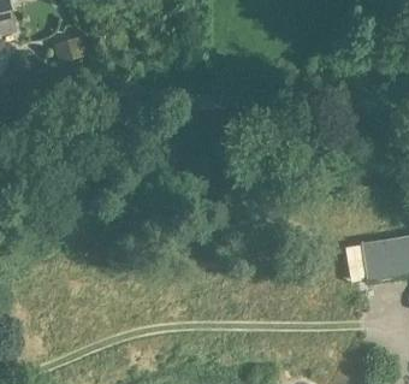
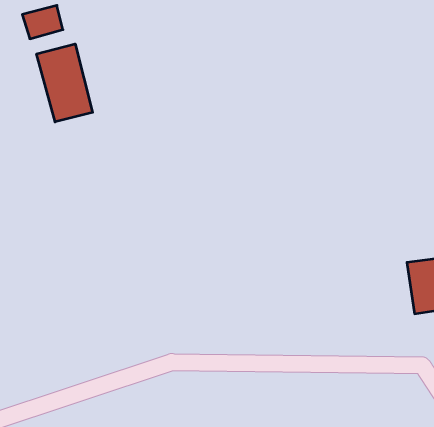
building: none -> [37,44,93,122]

